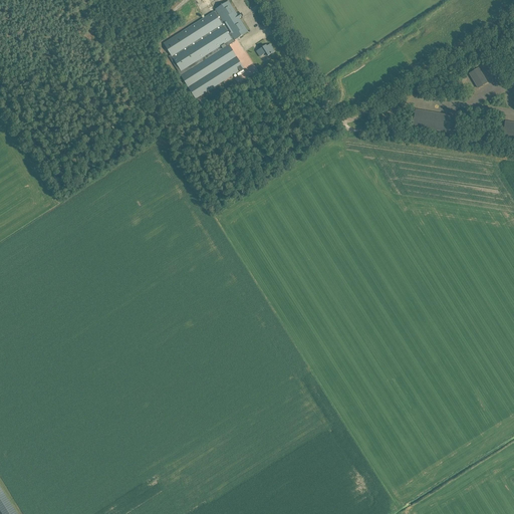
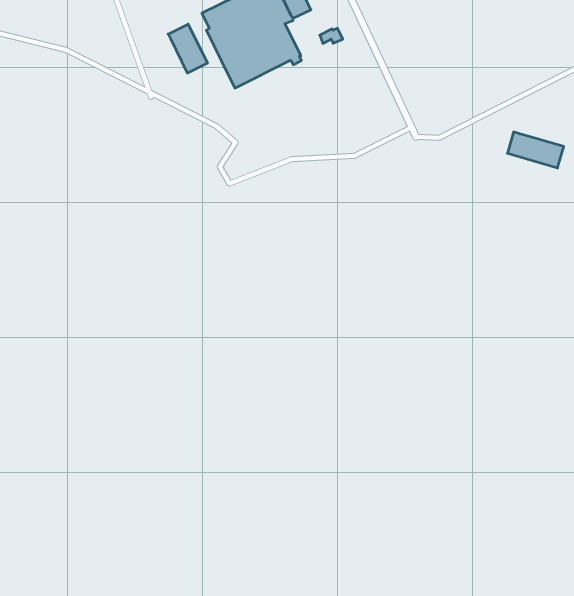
building: none -> [168,24,207,73]

